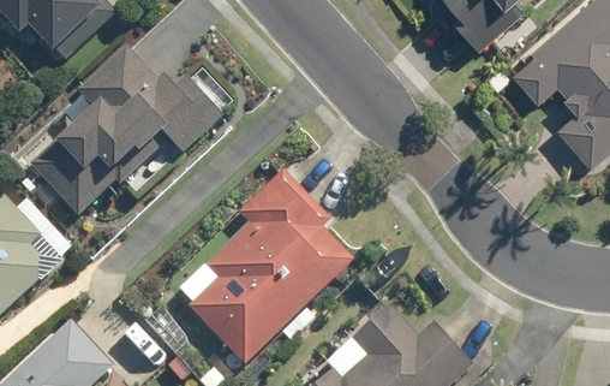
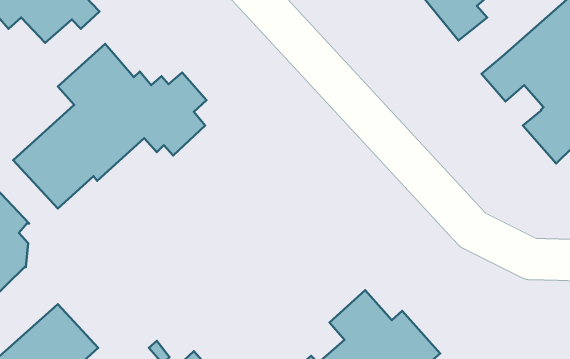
building: [189,177,354,363] -> none

